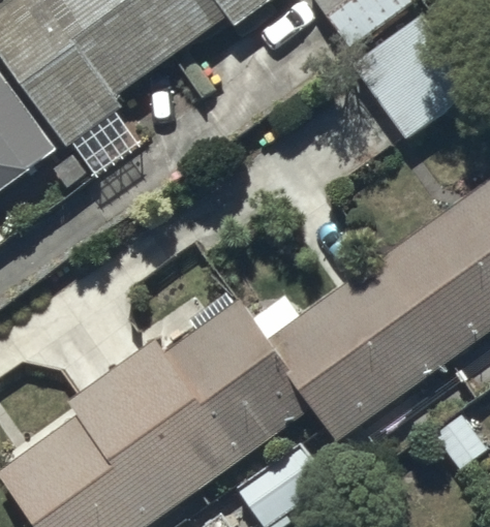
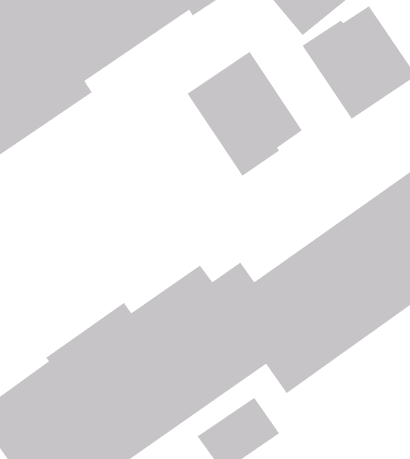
building: none -> [186,51,303,177]

